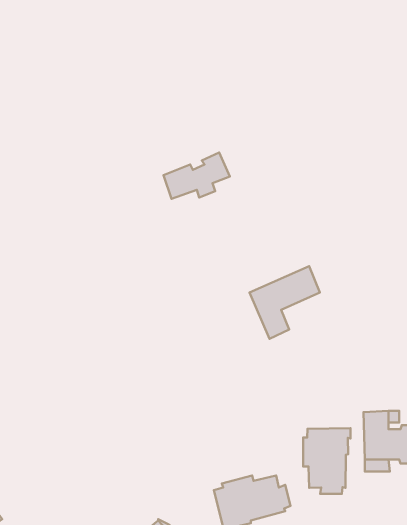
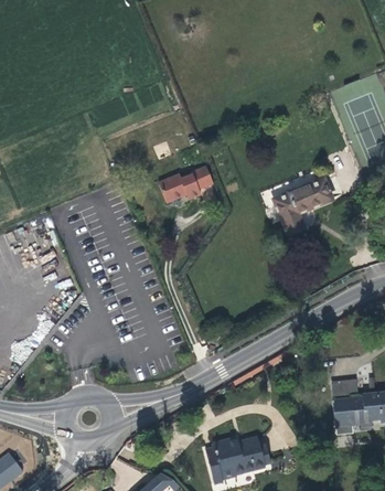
building: [250,266,320,339] -> [272,177,331,237]
building: [303,428,351,494] -> none

